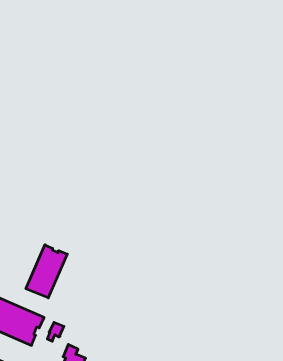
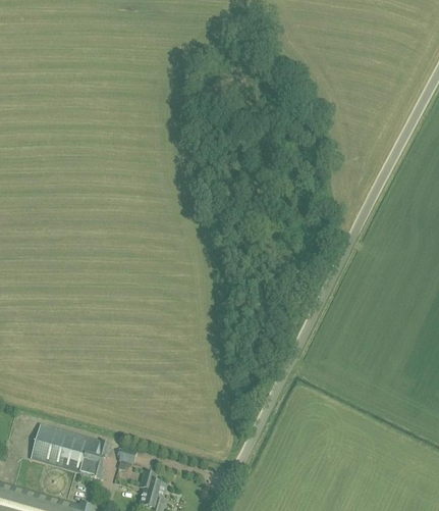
building: [26,245,67,298] -> none

